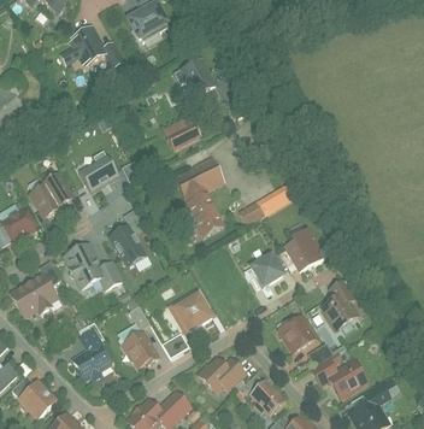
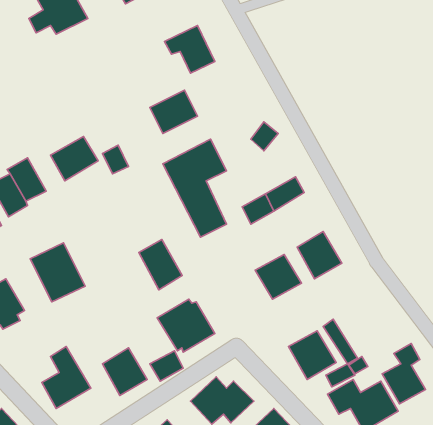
building: [108,223,145,265] -> [139,240,182,290]
building: [319,278,355,329] -> [382,344,425,404]

